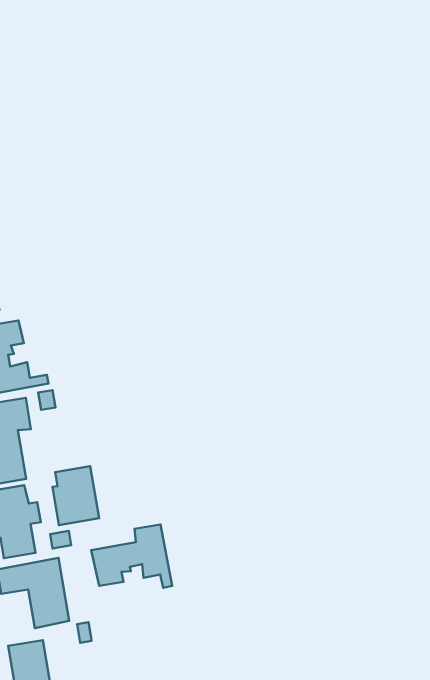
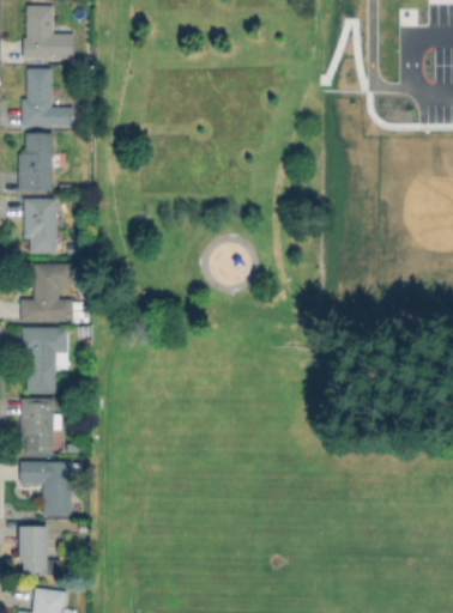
building: [53,466,99,525] -> none
building: [91,524,172,588] -> none

